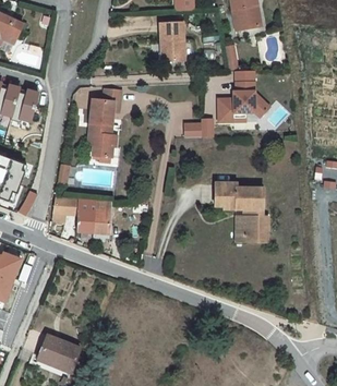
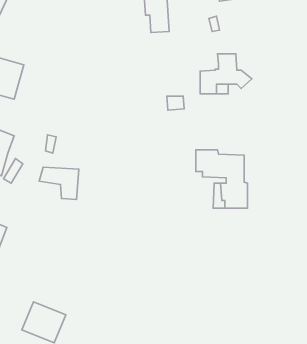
building: [89,88,120,157] -> none
building: [92,200,109,241] -> none

